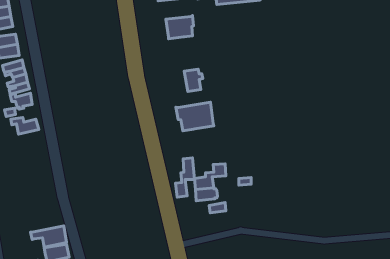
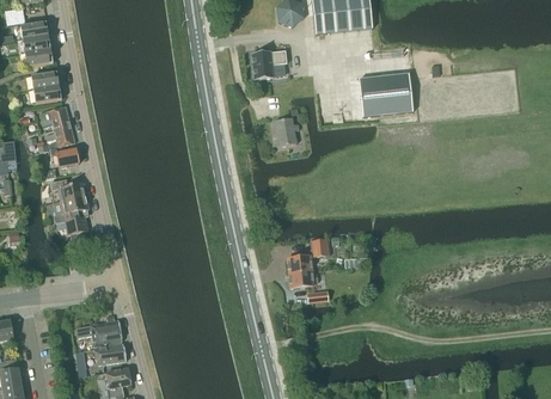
building: none -> [359,73,412,117]
building: [176,102,214,131] -> none
building: none -> [53,195,88,234]
building: [176,158,195,197] -> none

